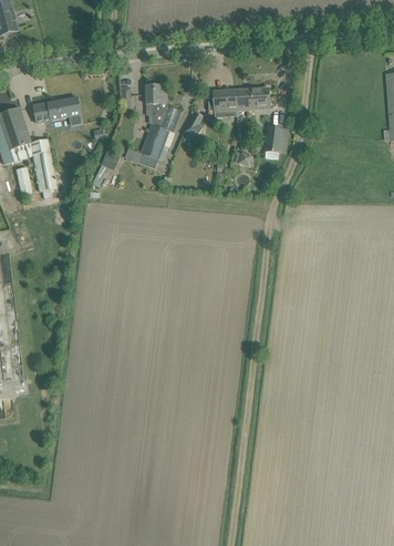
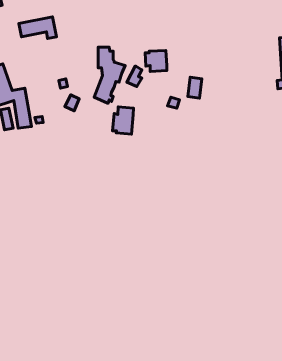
building: [235,86,269,109] -> none
building: [32,95,82,124] -> [19,17,57,39]
building: none -> [112,107,134,134]

